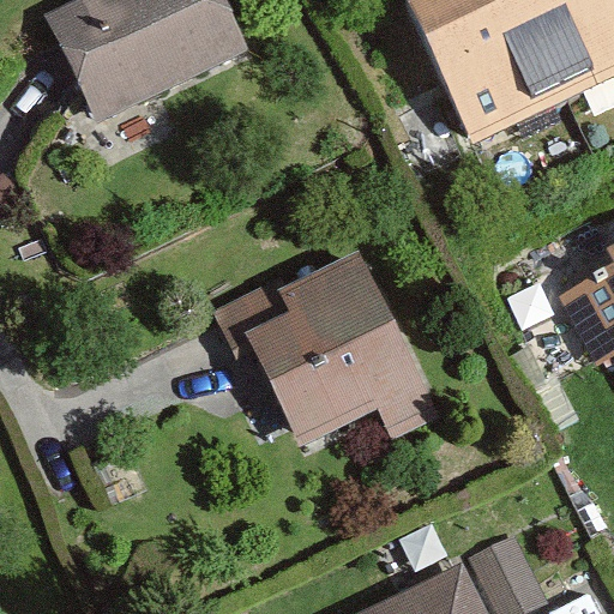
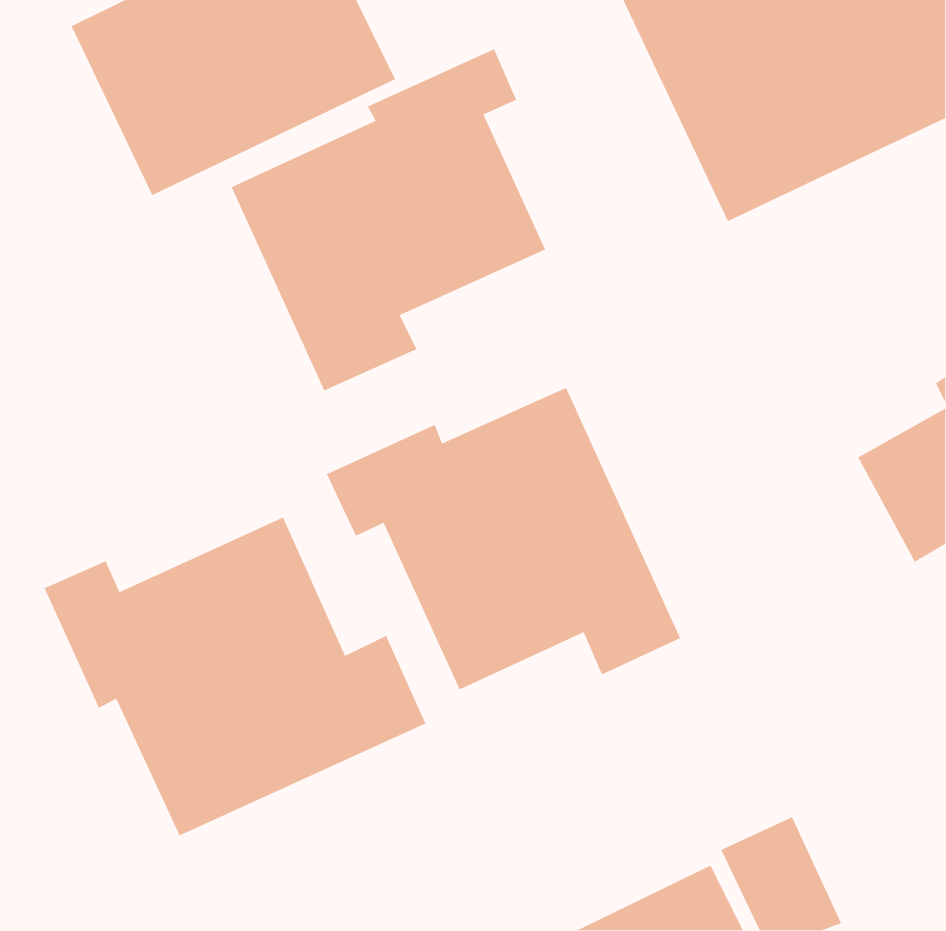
building: none -> [231,48,546,391]
building: none -> [43,517,426,836]

